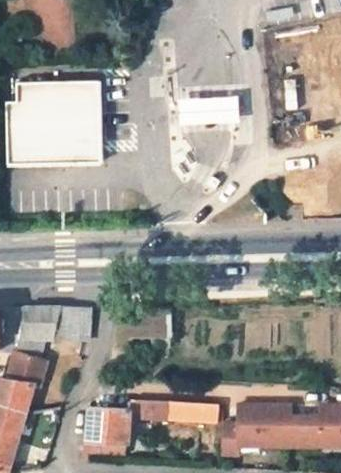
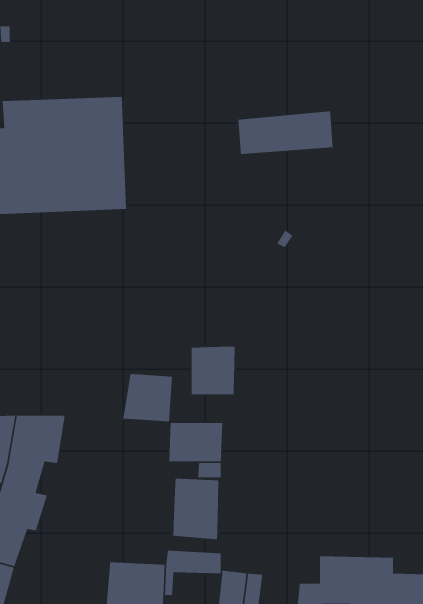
building: none -> [191,346,236,395]
building: [55,307,90,341] -> [123,373,173,422]
building: none -> [172,478,219,540]

